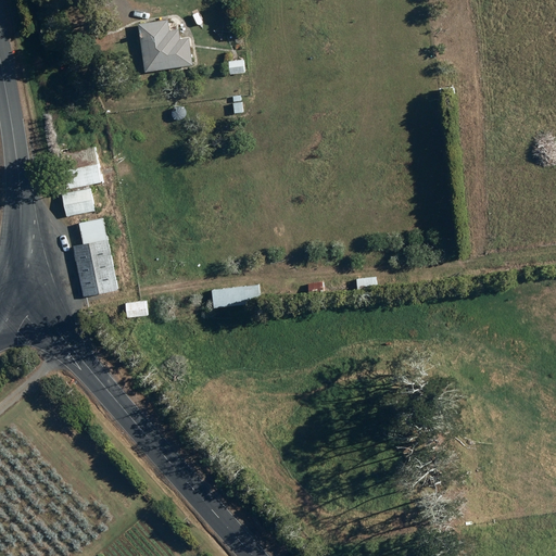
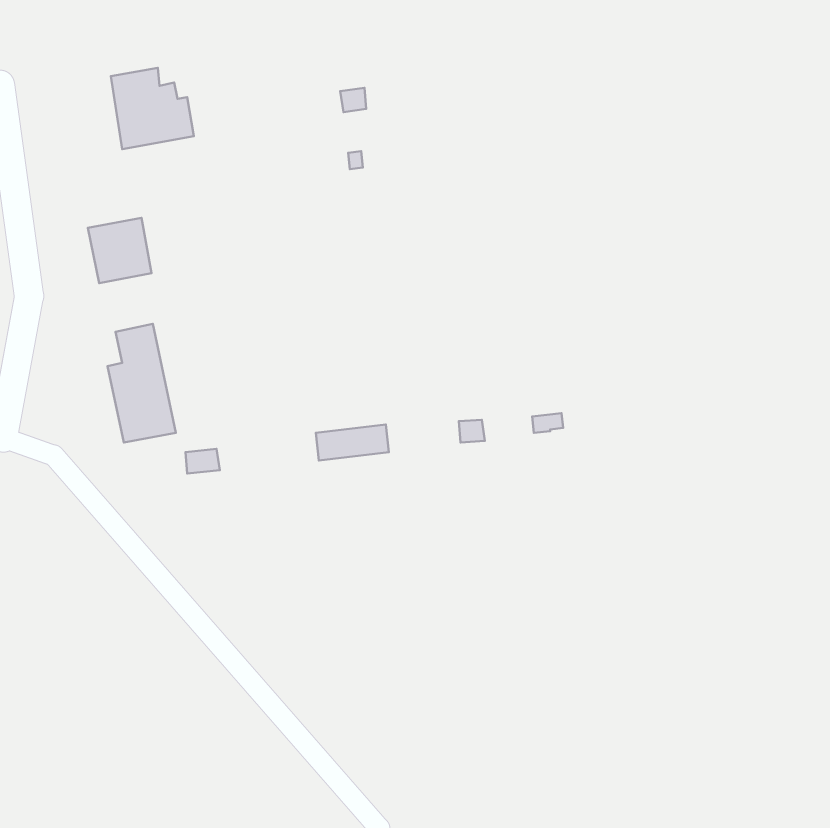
building: [137,18,192,73] -> [111,68,194,149]
building: [62,188,96,216] -> none

